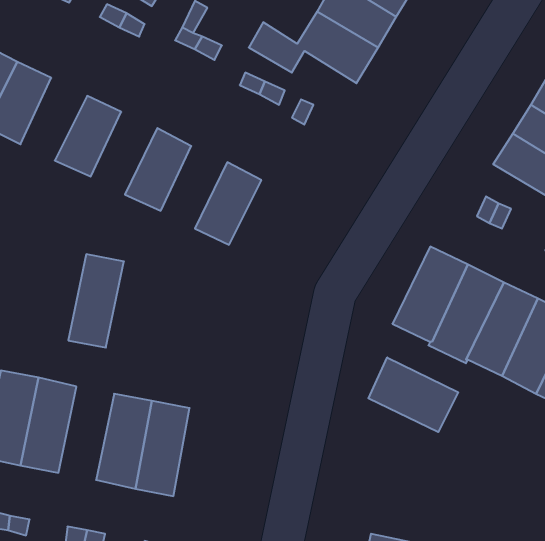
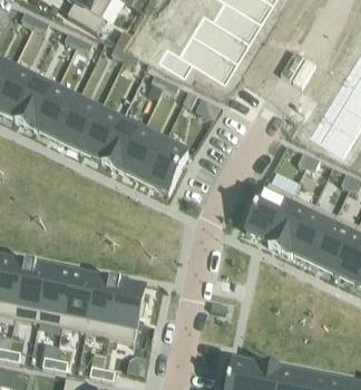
building: none -> [16,77,57,128]
building: none -> [59,98,100,149]
building: none -> [103,119,144,170]
building: none -> [145,140,188,192]
building: [68,254,124,348] -> [39,269,74,326]
building: [368,357,458,432] -> none
building: none -> [110,282,147,341]

